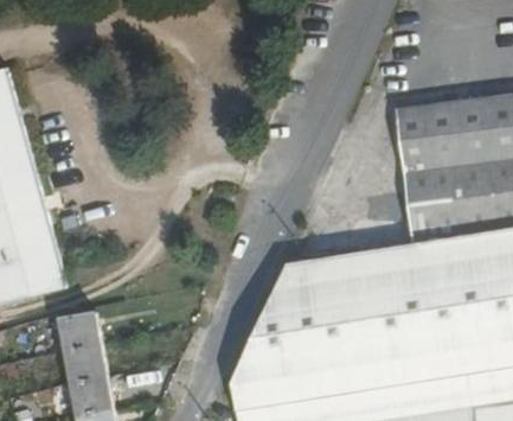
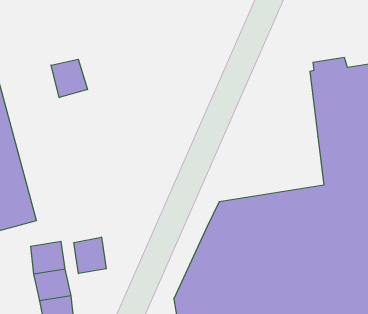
building: none -> [51,59,87,98]
building: none -> [74,237,106,274]

